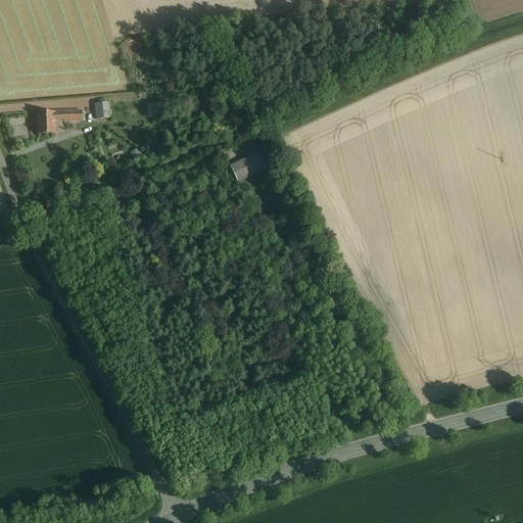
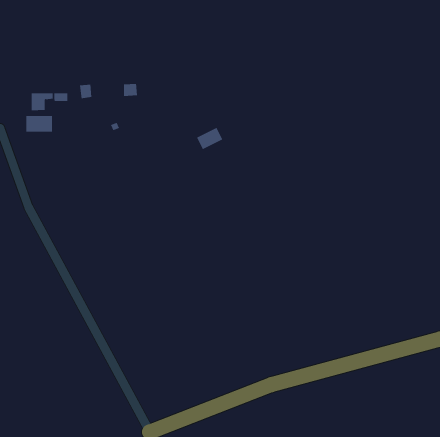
building: none -> [26,115,53,133]

